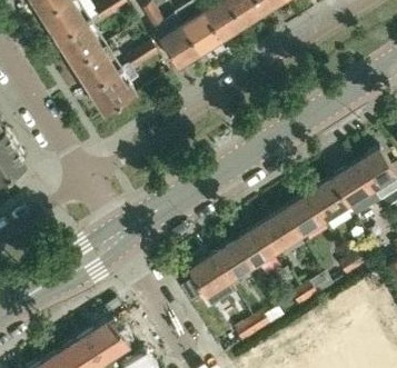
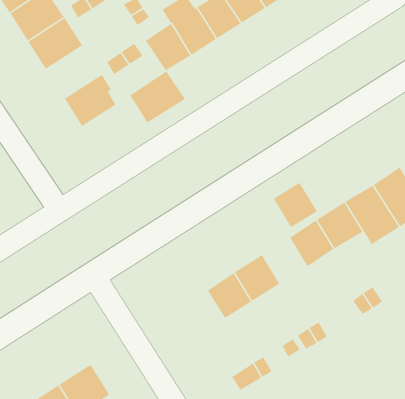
building: [73,44,122,90] -> [129,71,186,123]
building: [260,210,299,250] -> [273,182,318,228]
building: [188,256,228,296] -> none

